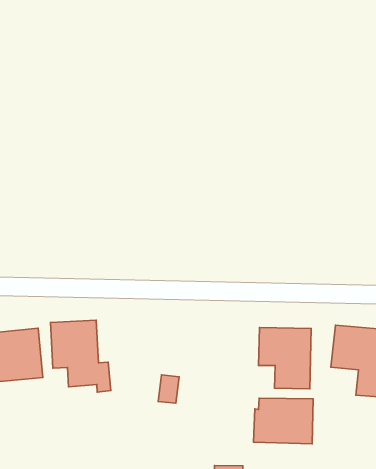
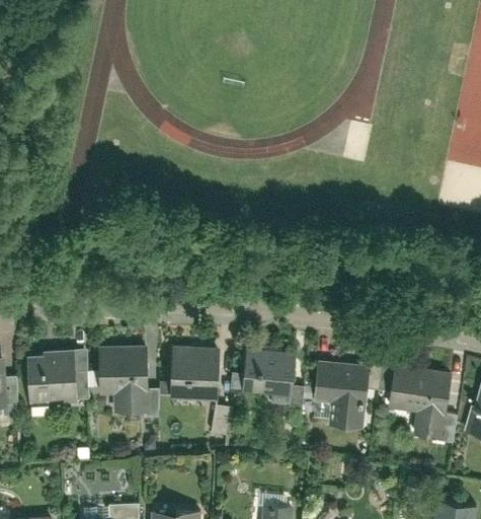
building: none -> [242,349,295,397]
building: none -> [170,347,220,401]
building: [254,398,313,444] -> none

